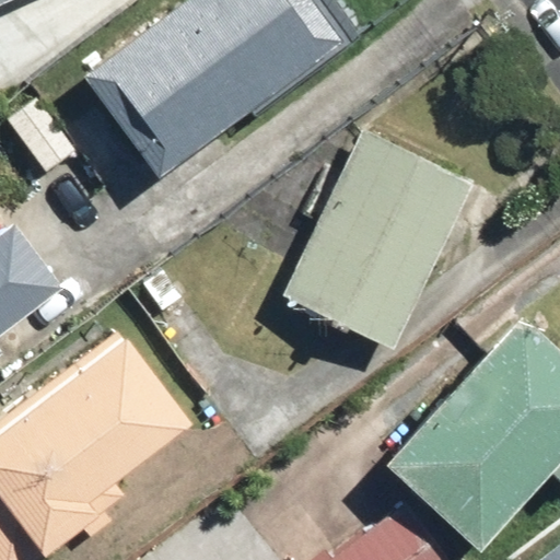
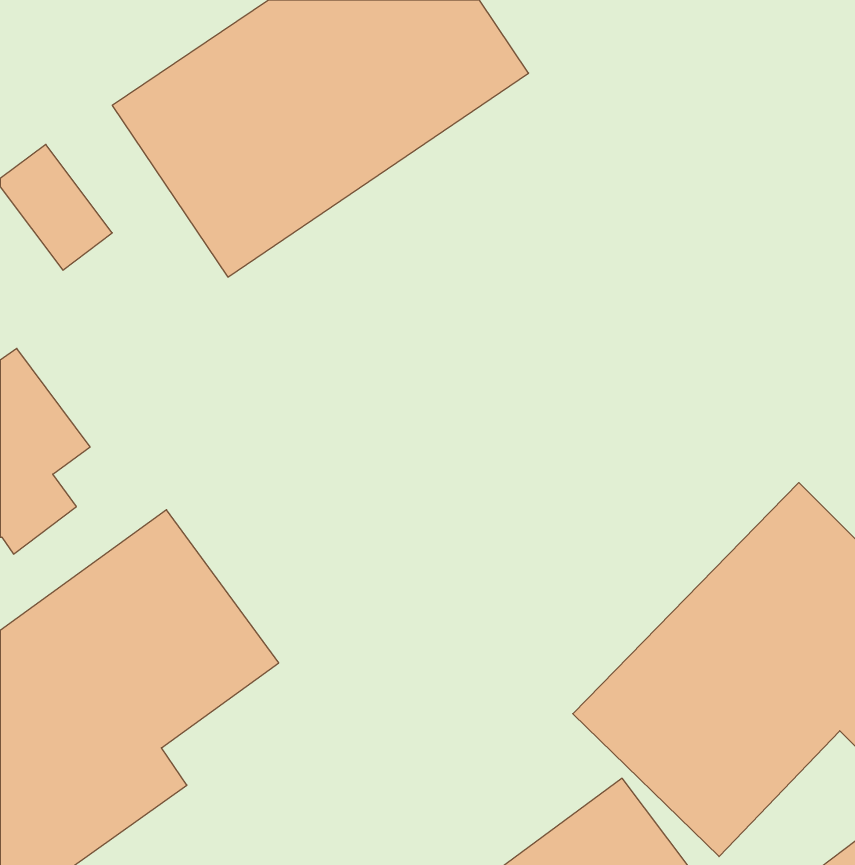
building: [279,127,477,353] -> none

